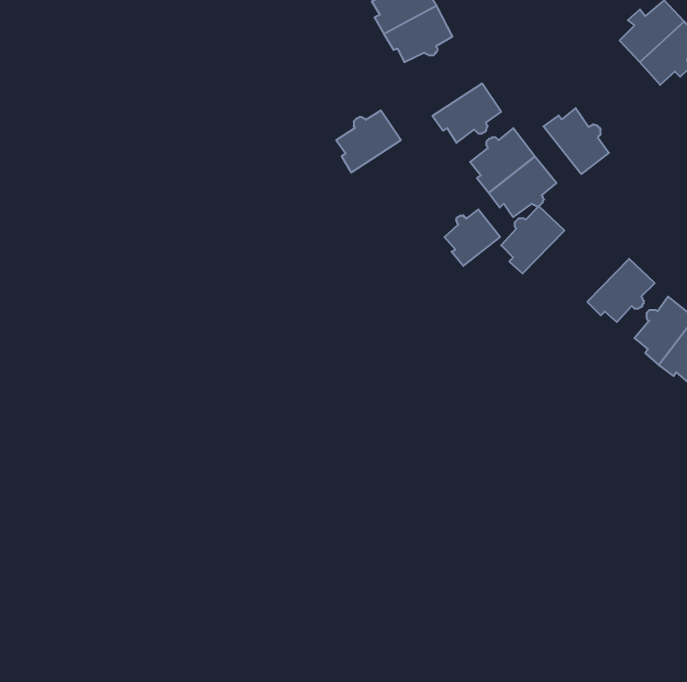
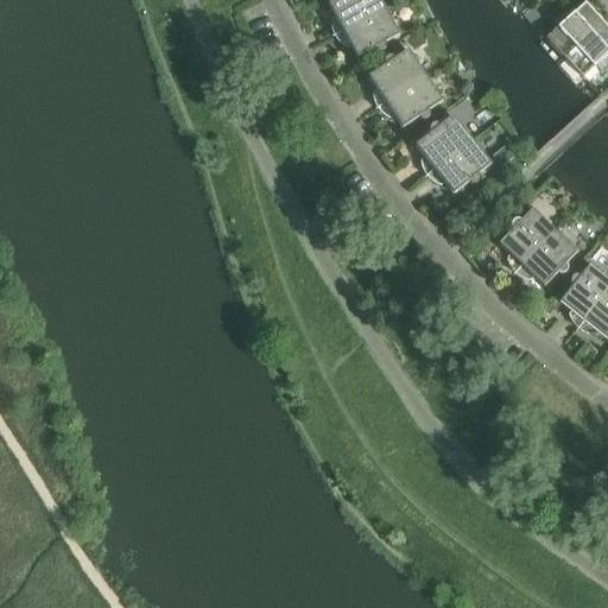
building: [543,108,609,174] -> none
building: [336,110,401,172] -> [369,48,426,102]
building: [501,206,564,274] -> [500,207,556,266]
building: [444,209,500,266] -> none

